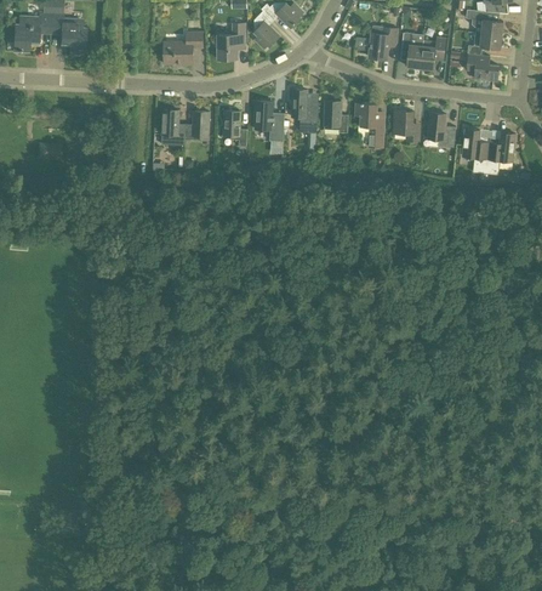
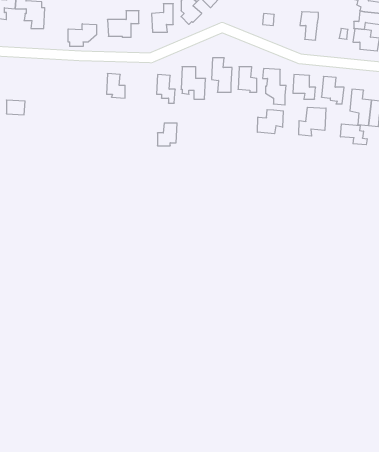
building: [370,27,398,59] -> none
building: [421,36,446,69] -> none
building: none -> [68,24,96,46]
building: [186,112,210,140] -> [157,123,177,146]
building: none -> [299,107,326,136]
building: none -> [257,110,283,134]
building: none -> [341,124,367,145]

